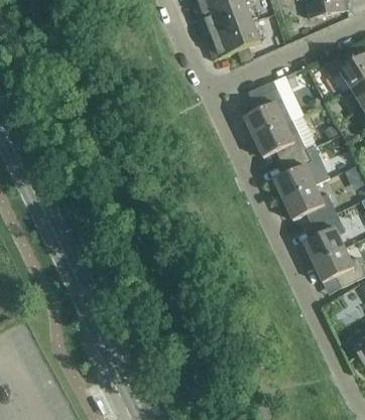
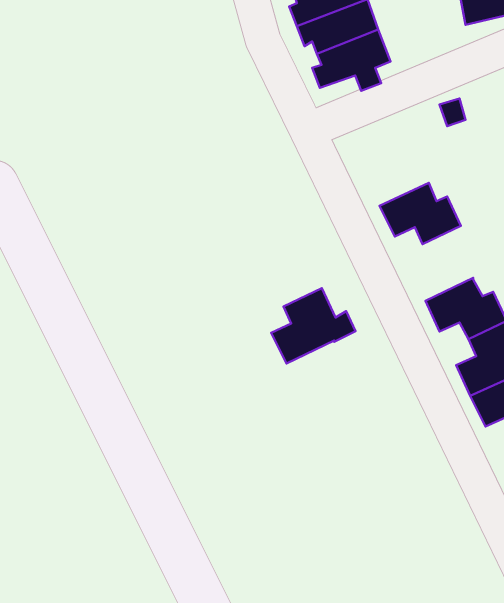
building: [239,80,286,137] -> none
building: [273,150,329,199] -> [271,288,356,363]

